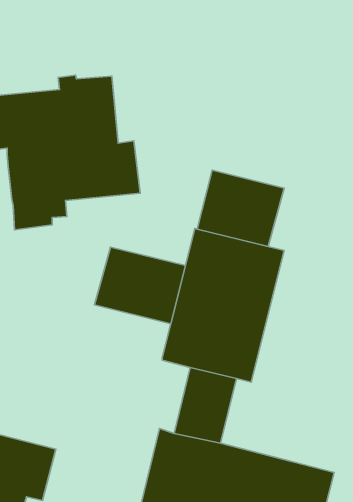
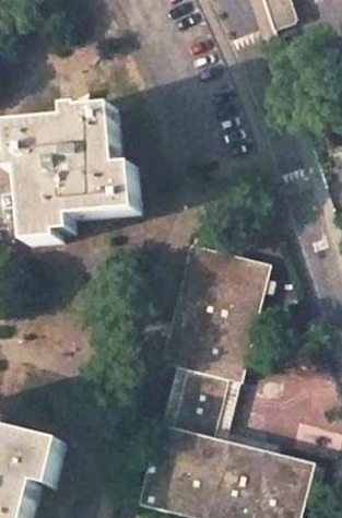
building: [197,170,284,247] -> none
building: [95,247,186,324] -> none

